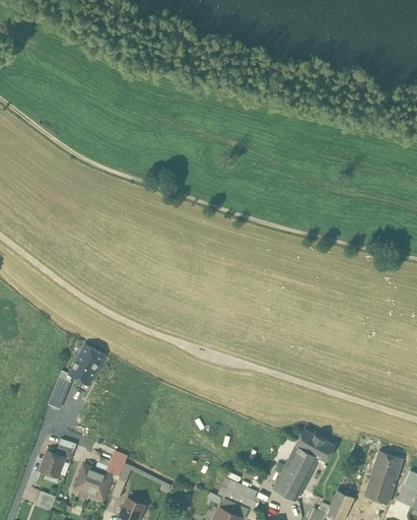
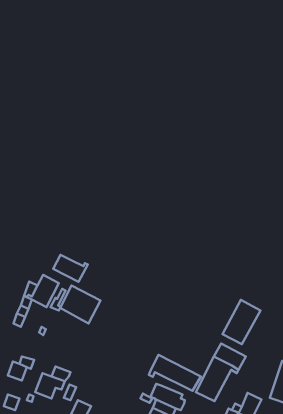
building: none -> [53,255,88,282]
building: none -> [60,286,100,324]
building: none -> [223,300,261,344]
building: none -> [149,355,201,391]

